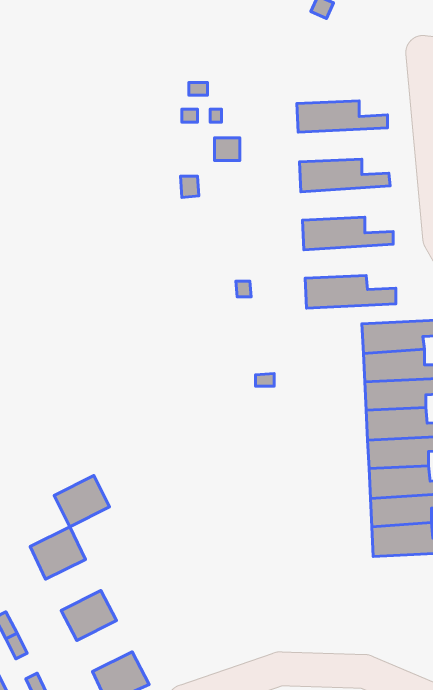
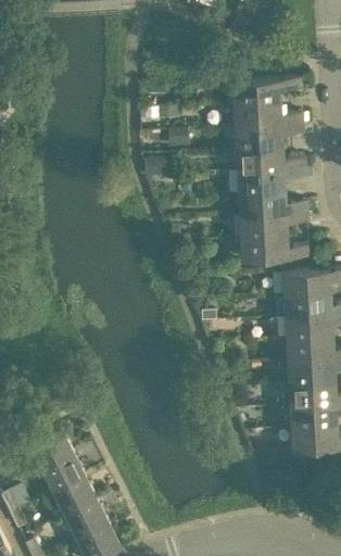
building: none -> [233,79,302,105]
building: none -> [236,124,305,150]
building: none -> [238,168,306,194]
building: none -> [240,213,310,239]
building: [54,476,109,527] -> [42,454,85,493]
building: none -> [66,501,109,540]

